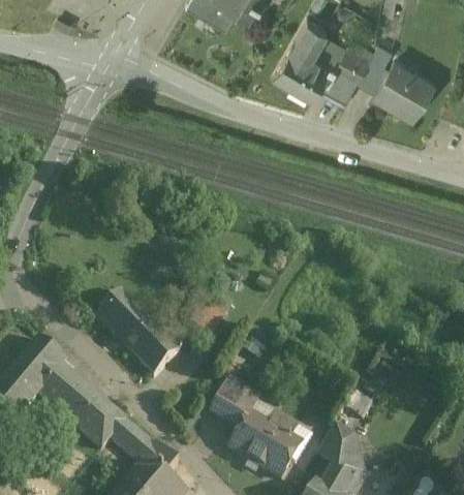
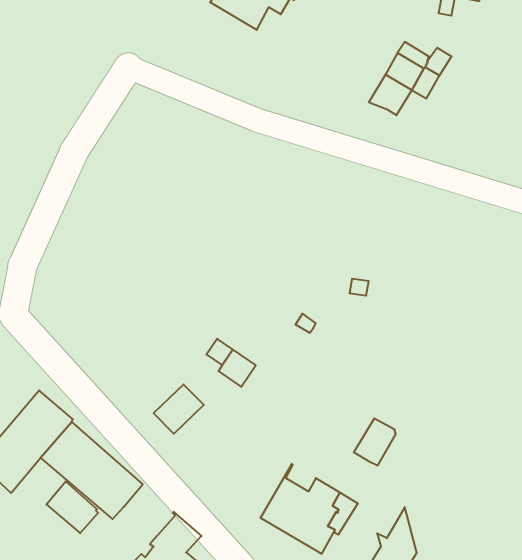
building: [275,19,332,92] -> none
building: [377,60,434,109] -> none
building: [98,289,164,357] -> none
building: [213,379,259,427] -> none
building: [113,417,157,462] -> [46,482,98,533]
building: [318,424,354,464] -> [354,419,396,466]

